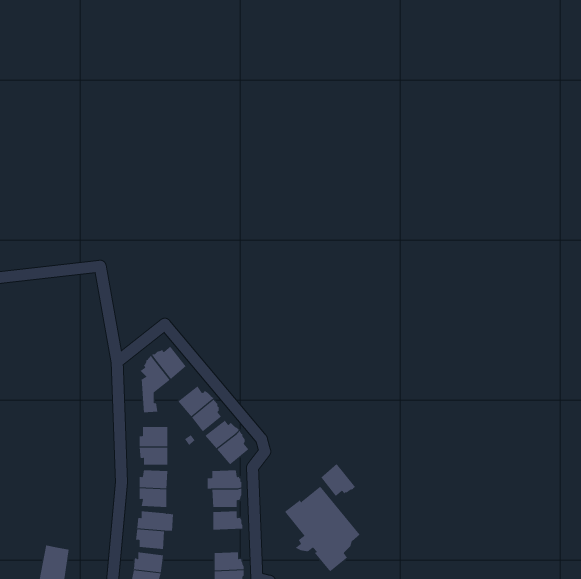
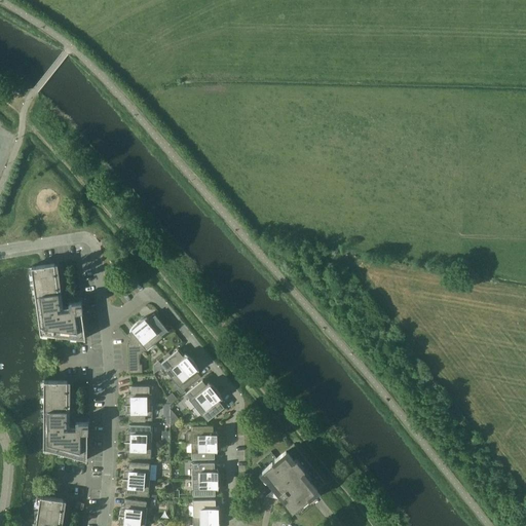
building: none -> [32,265,85,341]
building: none -> [43,378,88,461]
building: [320,463,356,497] -> none
building: none -> [192,480,220,497]

